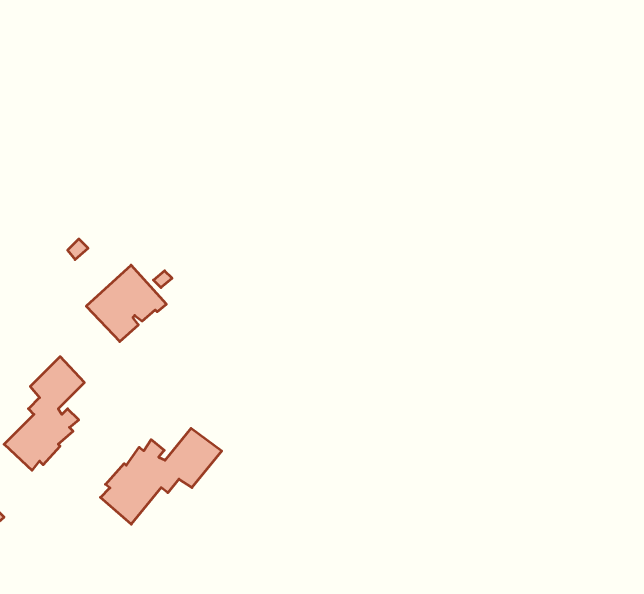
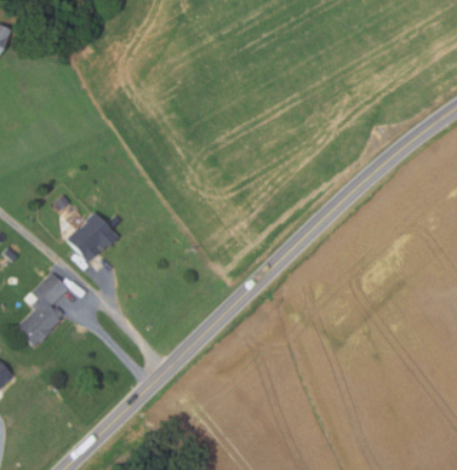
building: [100,428,222,524] -> none

